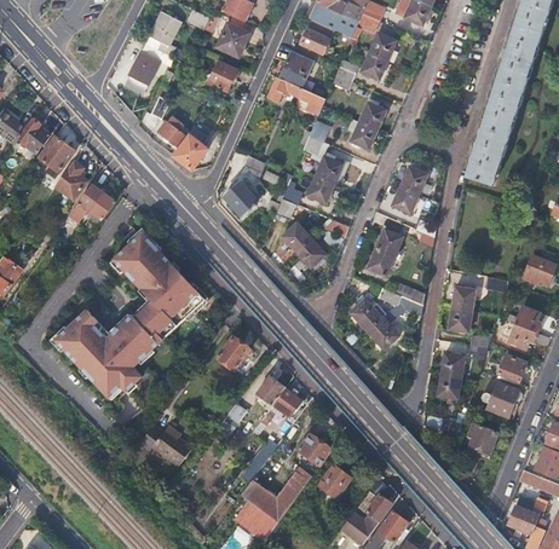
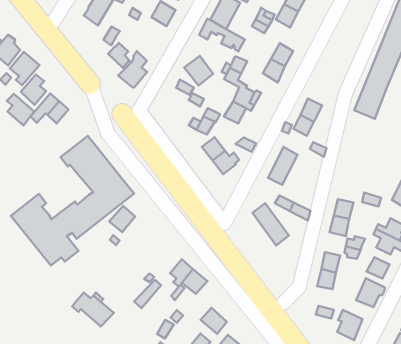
building: [221,180,258,216] -> [184,56,213,85]
building: none -> [7,94,34,125]
building: [217,337,248,370] -> [109,206,135,232]

